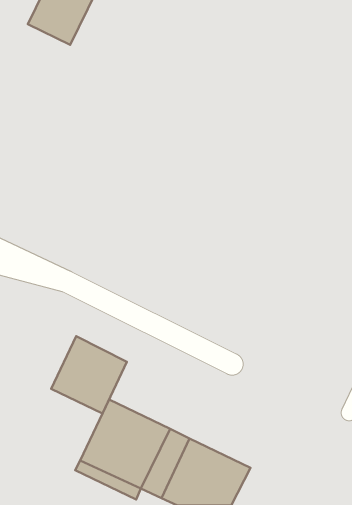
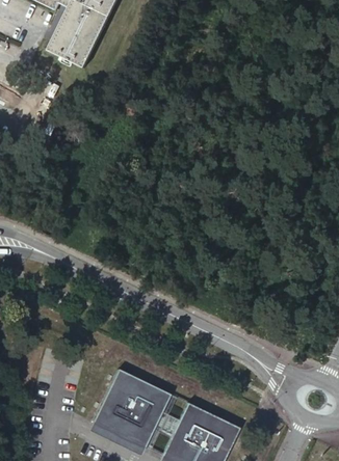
building: [51,336,127,413] -> none

